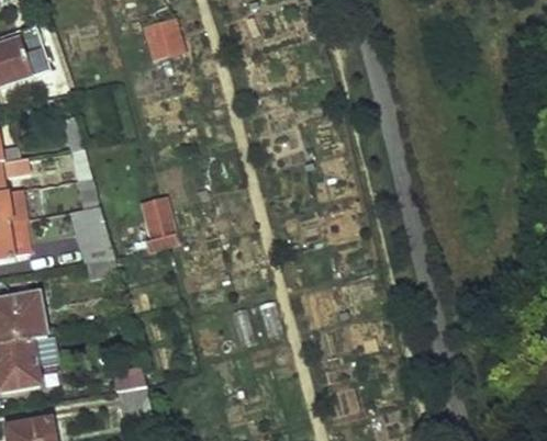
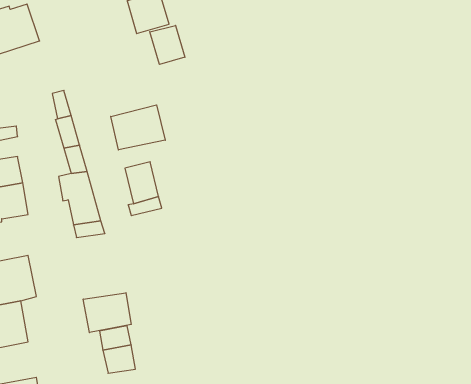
building: none -> [150,25,185,64]
building: none -> [111,105,165,150]
building: none -> [83,293,131,333]

